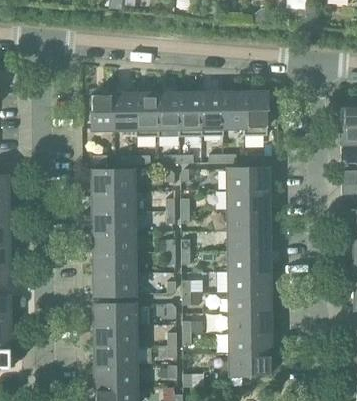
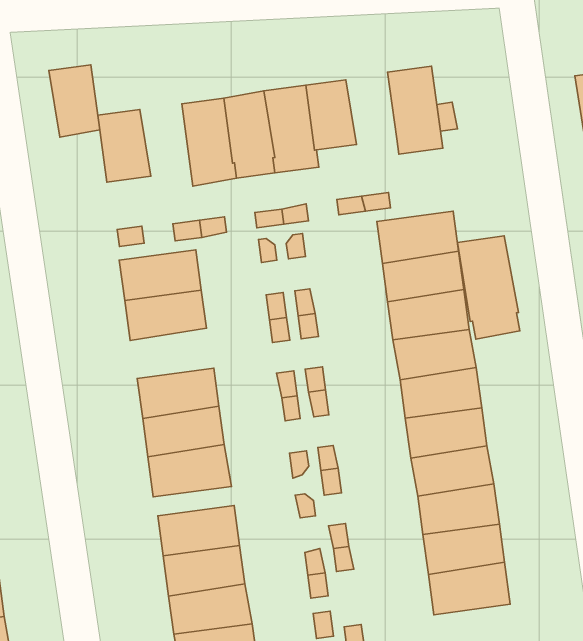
building: [222,92,244,127] -> none
building: [114,94,136,129] -> [49,65,100,137]
building: none -> [457,236,520,339]
building: [93,211,134,232] -> none

